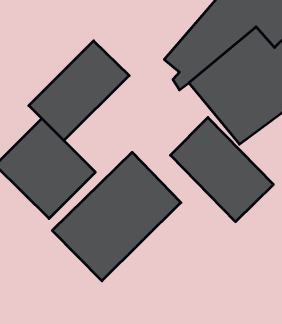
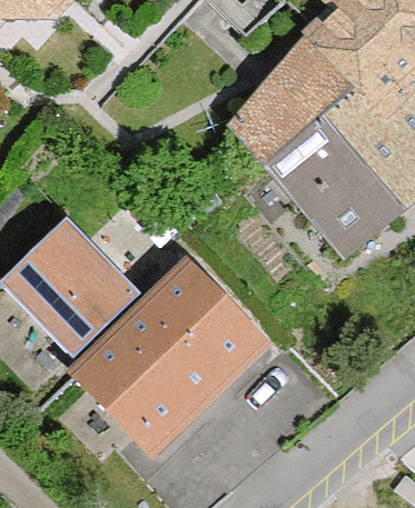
building: [29,41,129,141] -> none
building: [170,117,273,222] -> none

